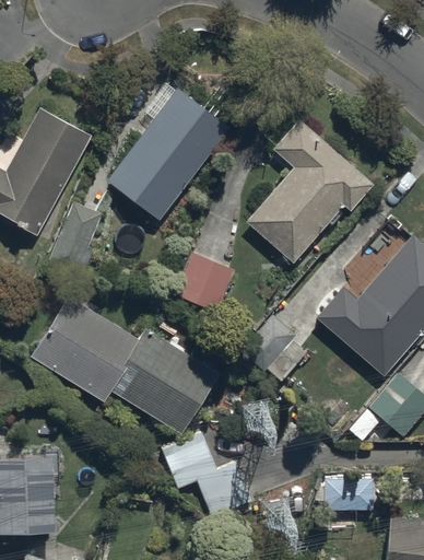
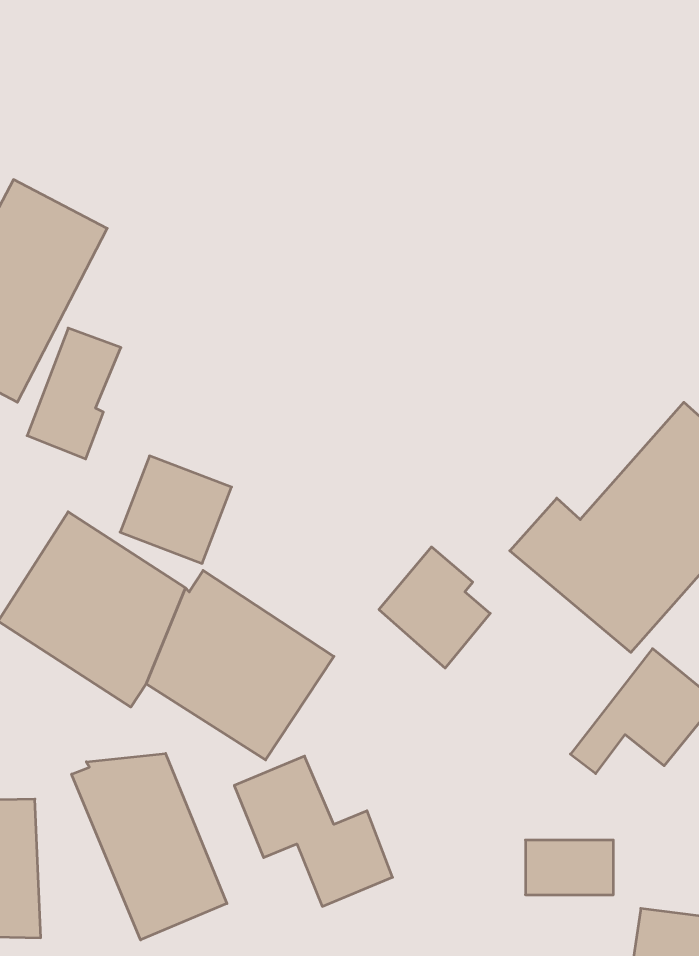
building: [108,91,228,221] -> none
building: [246,119,374,262] -> none
building: [170,253,233,313] -> [120,456,232,563]
building: none -> [72,753,227,940]

